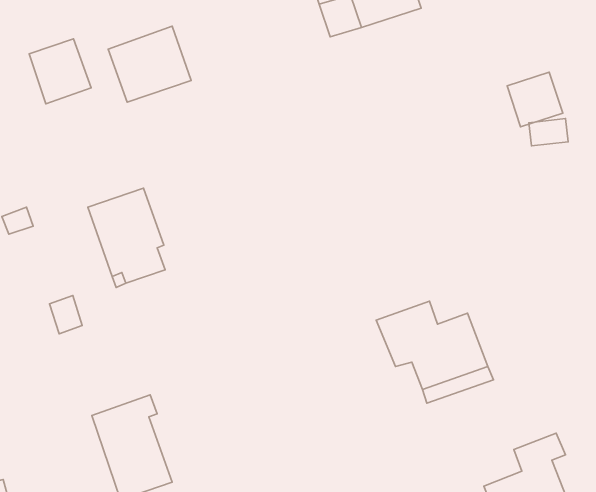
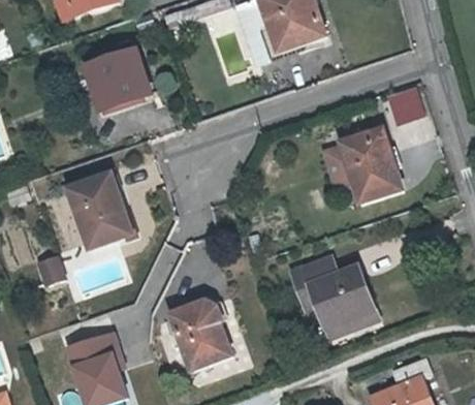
building: [29,39,91,104] -> none
building: none -> [337,132,399,206]
building: none -> [170,300,231,370]

